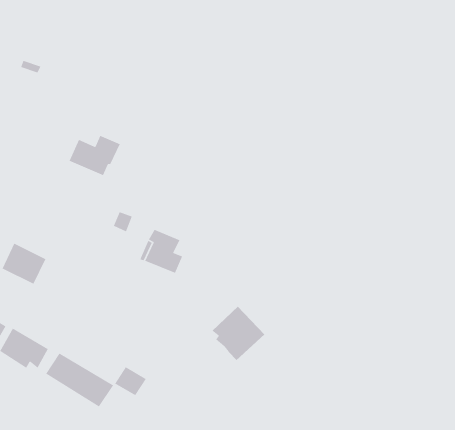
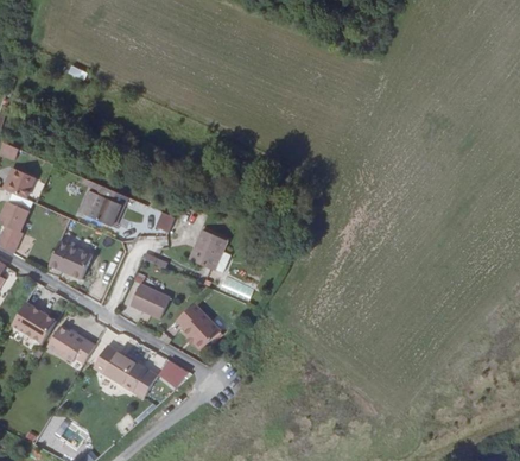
building: [68,135,121,176] -> [80,190,129,229]
building: none -> [131,284,170,318]
building: [211,306,265,361] -> [175,297,226,349]

